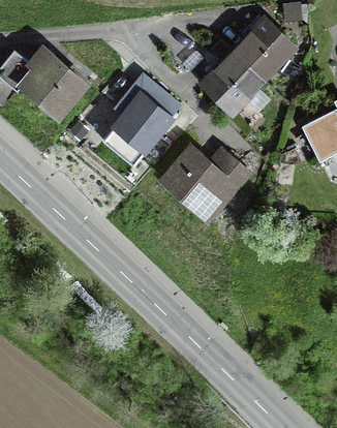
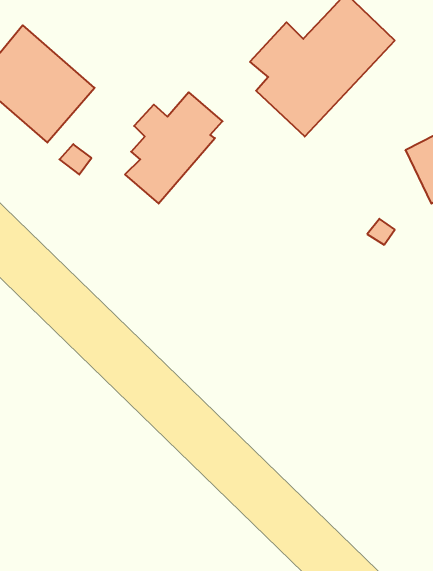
building: [156,141,252,223] -> none

